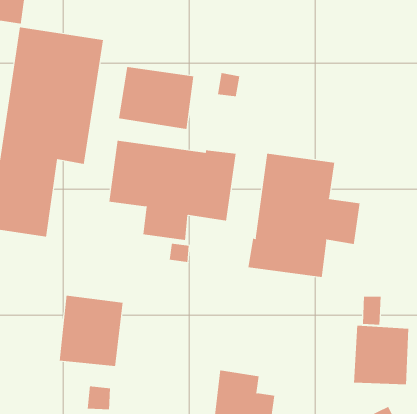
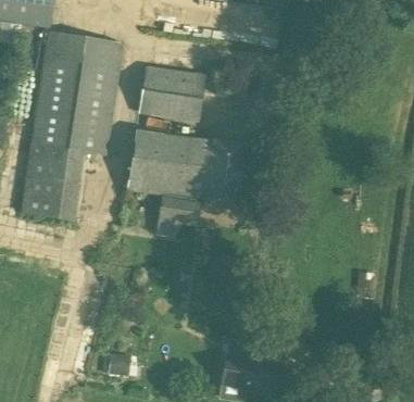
building: [248,153,360,278] -> none
building: [59,295,123,367] -> none
building: [354,325,409,385] -> none

